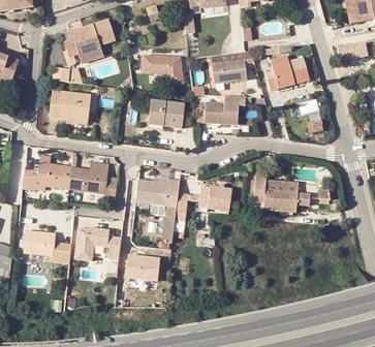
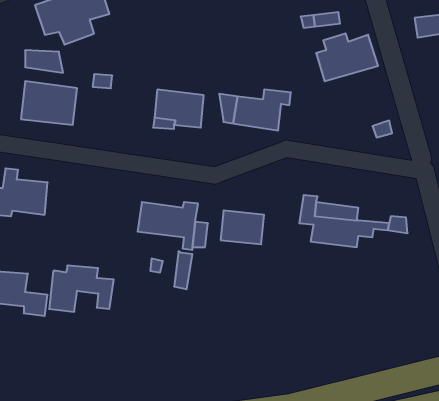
building: [139,54,182,85] -> none
building: [212,58,244,81] -> none
building: [68,153,117,198] -> none
building: [126,253,159,279] -> none

